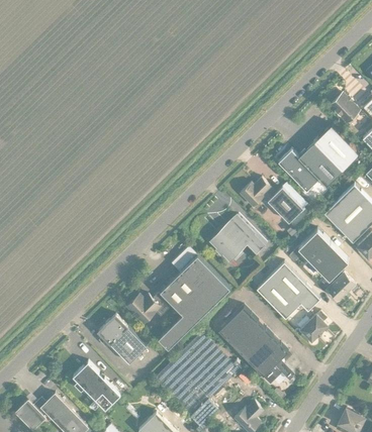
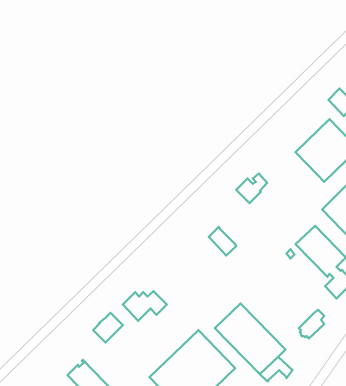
building: [278,150,319,193] -> none
building: [268,188,303,223] -> none
building: [223,216,267,256] -> none
building: [159,247,229,349] -> none
building: [257,262,319,319] -> none
building: [110,328,147,364] -> none

